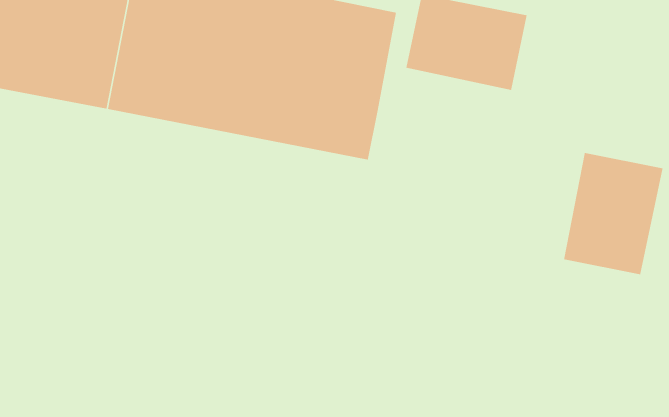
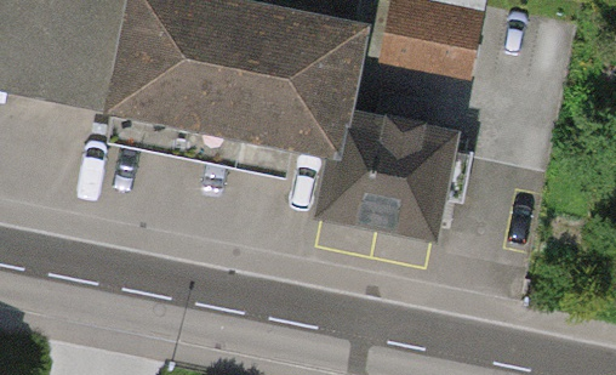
building: none -> [321,107,470,237]
building: [563,152,663,275] -> none

